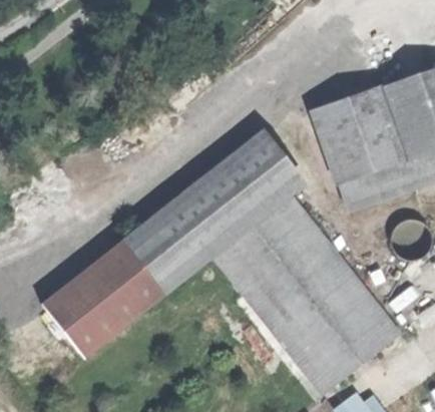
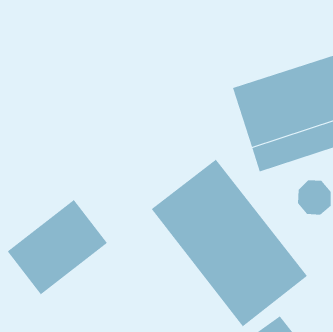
building: [121,130,305,294] -> none

